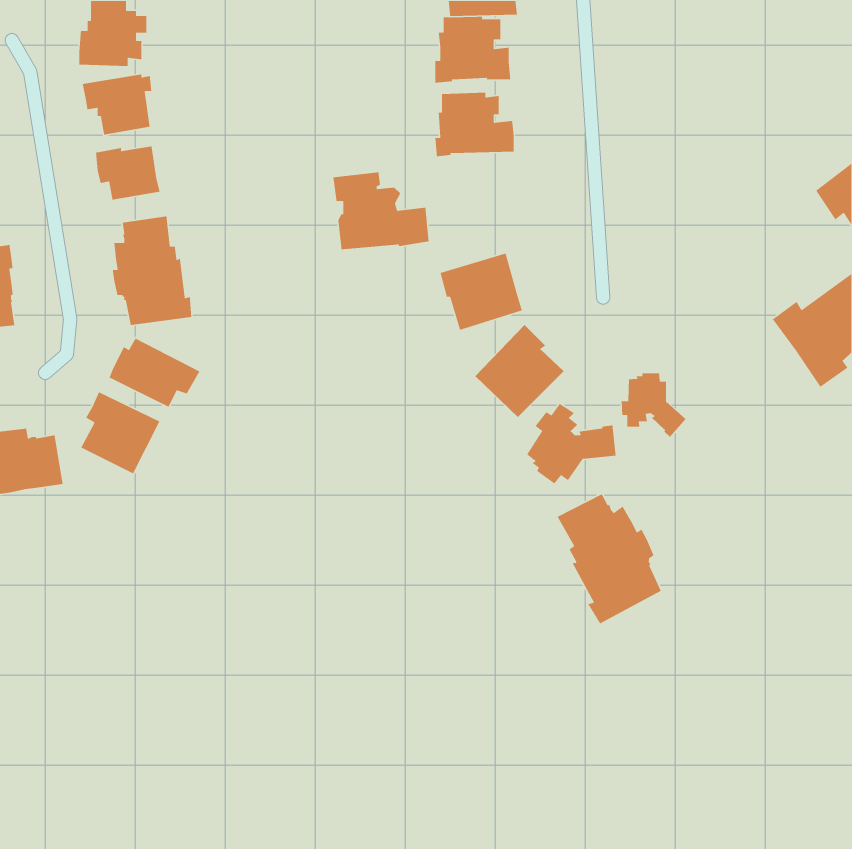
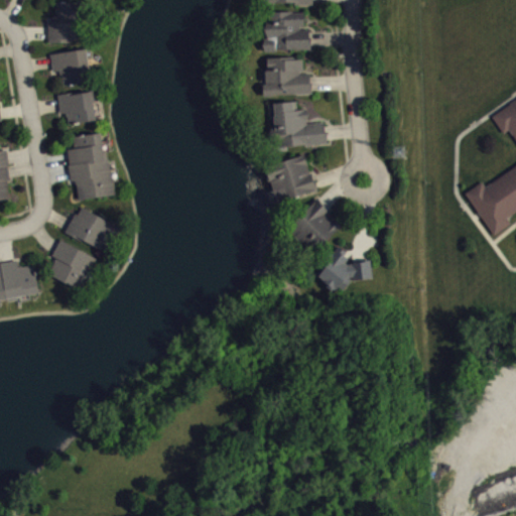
building: [333,172,429,250] -> [267,101,326,148]
building: [621,373,687,438] -> none
building: [557,493,662,624] -> none

